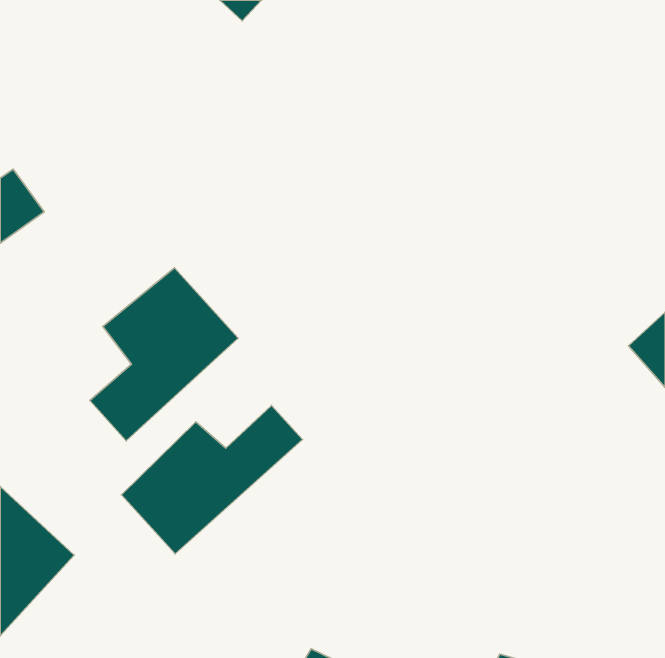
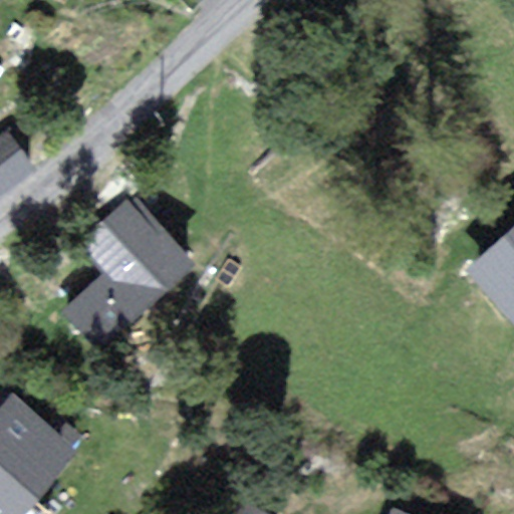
building: [121,406,302,554] -> none

